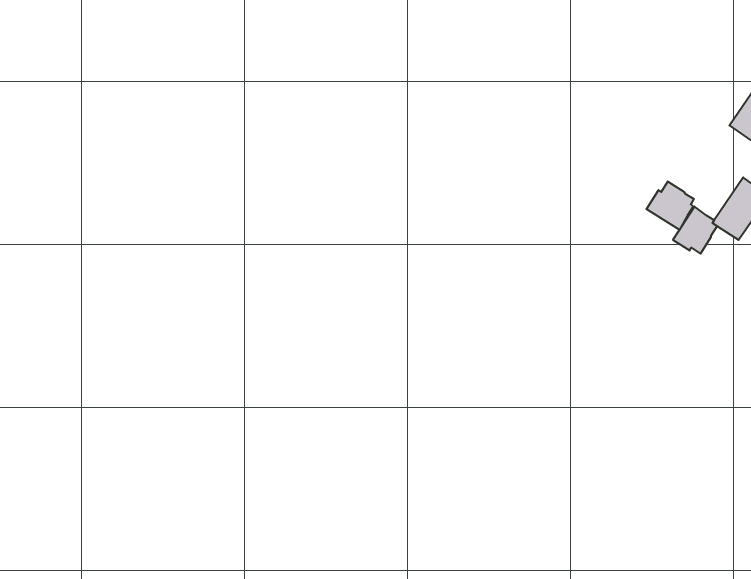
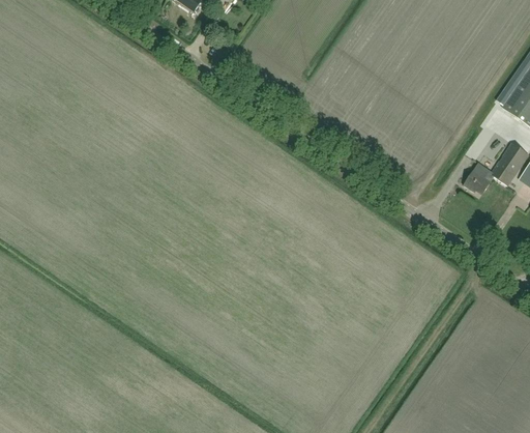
building: [646,181,694,230] -> none

